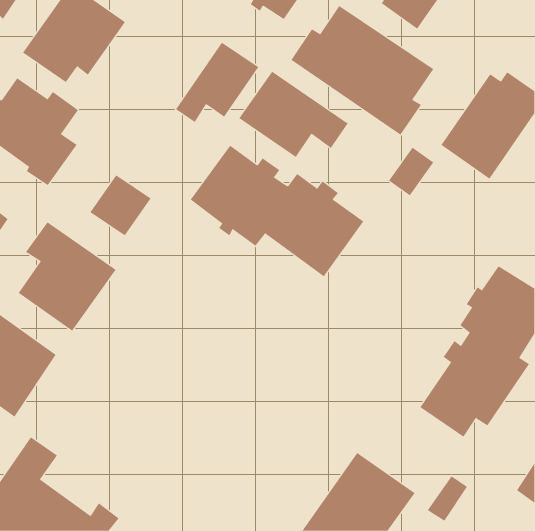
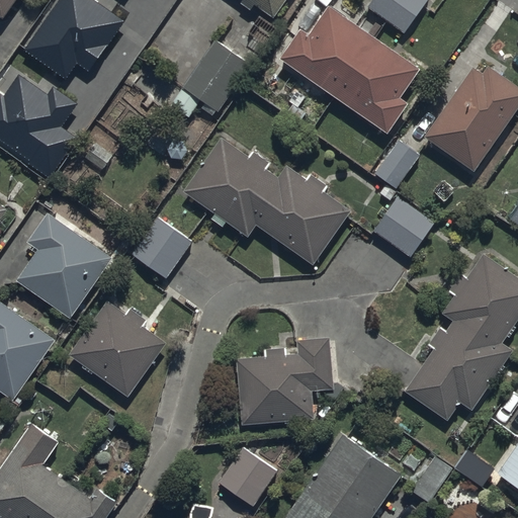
building: [239,71,349,158] -> none
building: [90,174,151,236] -> [131,215,190,275]
building: none -> [374,197,433,257]
building: none -> [69,303,167,399]
building: none -> [237,339,332,425]
building: none -> [217,444,274,503]

